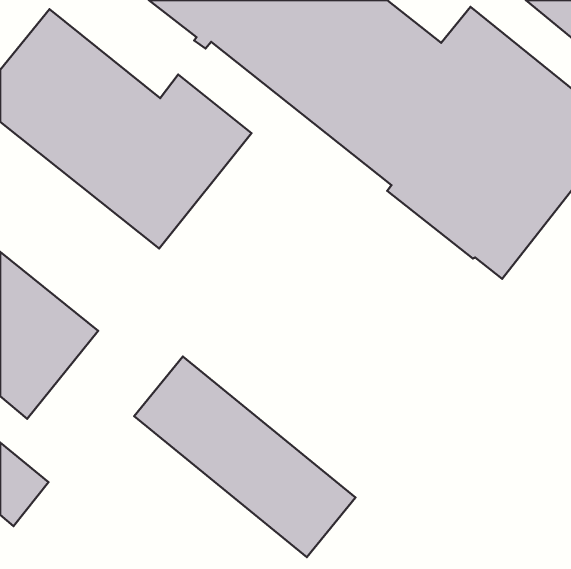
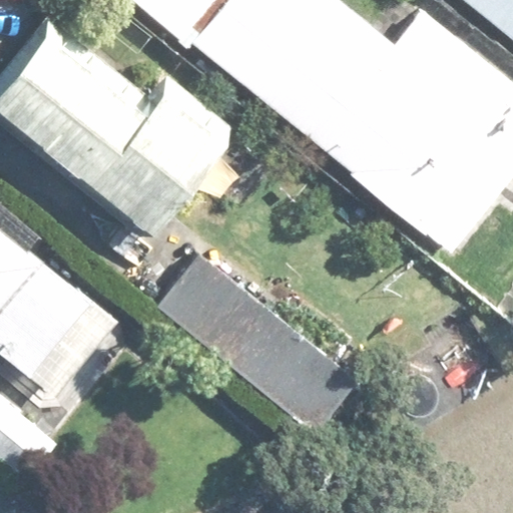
building: [134,356,355,557] -> [158,253,355,432]

